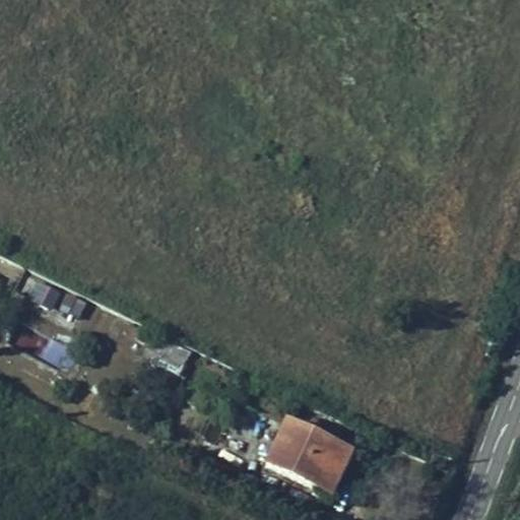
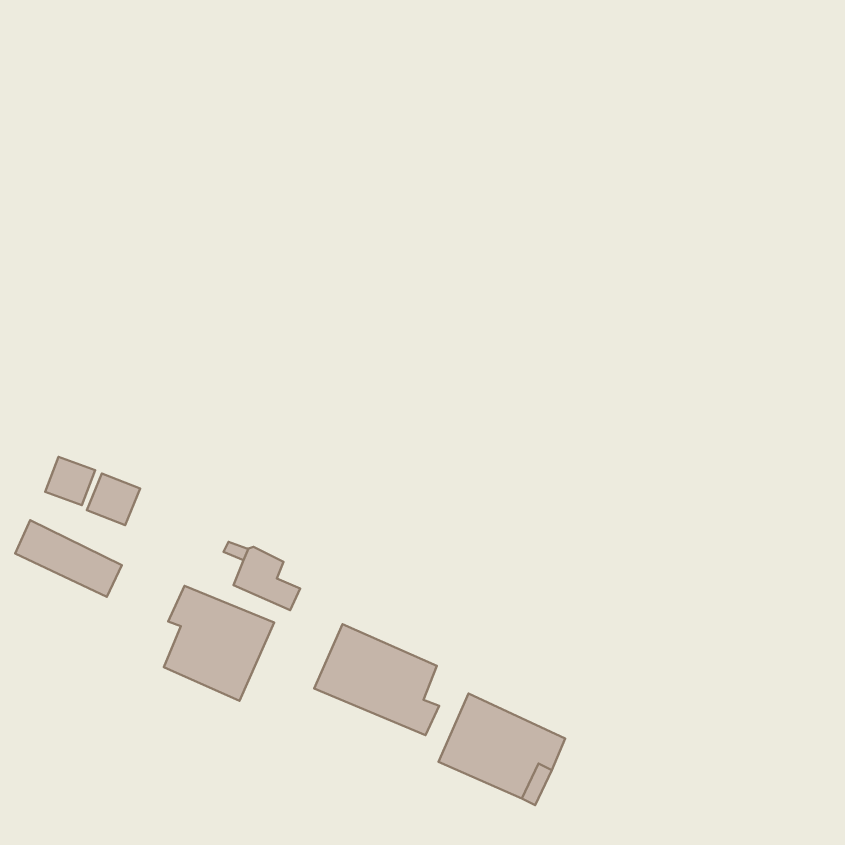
building: none -> [164,586,274,701]
building: none -> [314,624,439,735]

